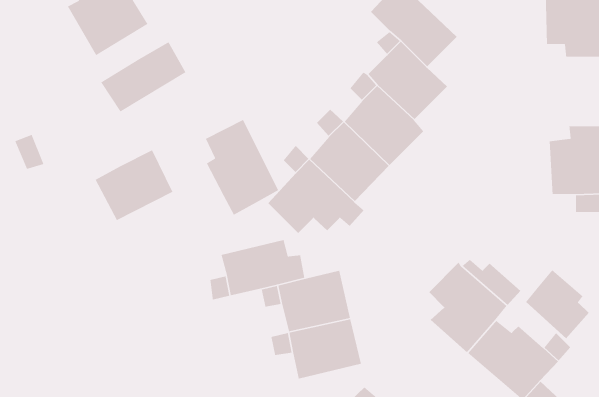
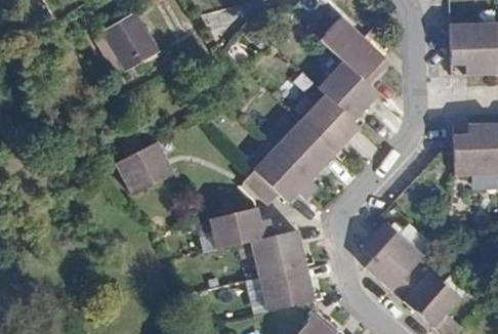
building: [100,41,187,113] -> none
building: [205,119,279,216] -> none
building: [525,269,590,339] -> none

